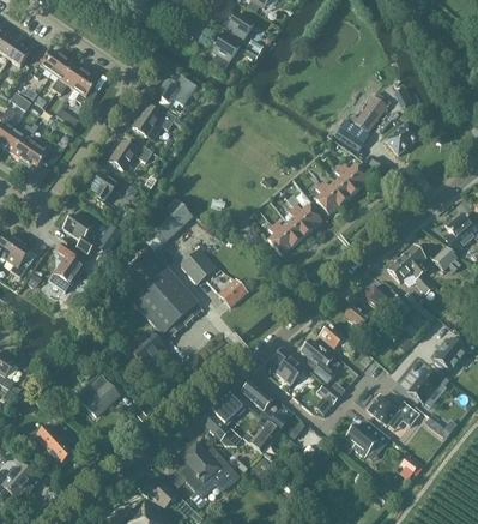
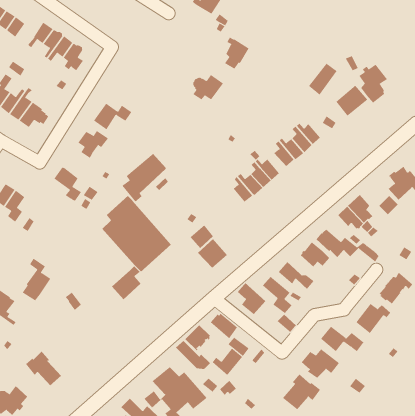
building: [211,31,240,68] -> [224,37,249,70]
building: [161,74,196,104] -> [193,74,224,100]
building: none -> [358,64,388,104]
building: [132,106,176,140] -> none
building: [333,120,368,151] -> none
building: [49,242,83,291] -> [22,258,51,301]
building: [180,247,214,282] -> [197,238,228,269]
building: [78,375,119,416] -> none
building: none -> [282,373,321,410]

